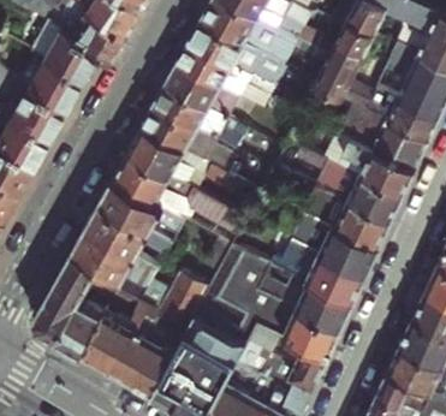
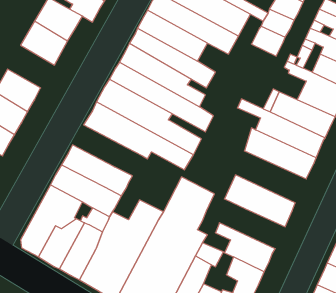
building: [13,88,70,139] -> none
building: [91,184,176,245] -> none
building: [269,209,373,278] -> none
building: [268,285,347,333] -> none

